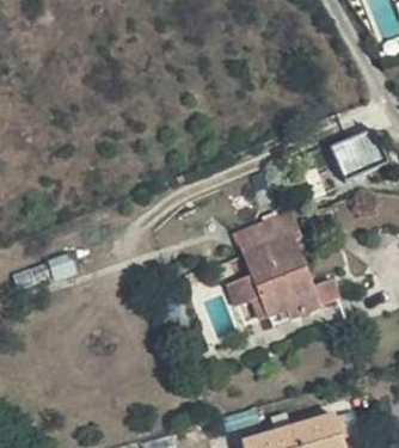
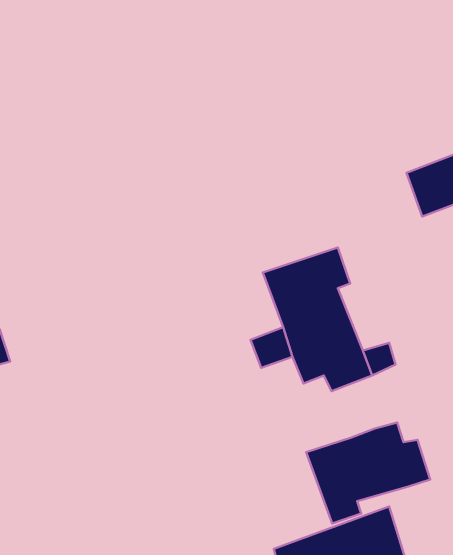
building: none -> [306,422,430,524]

